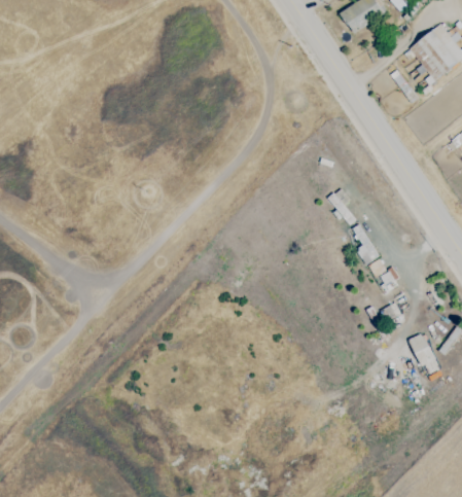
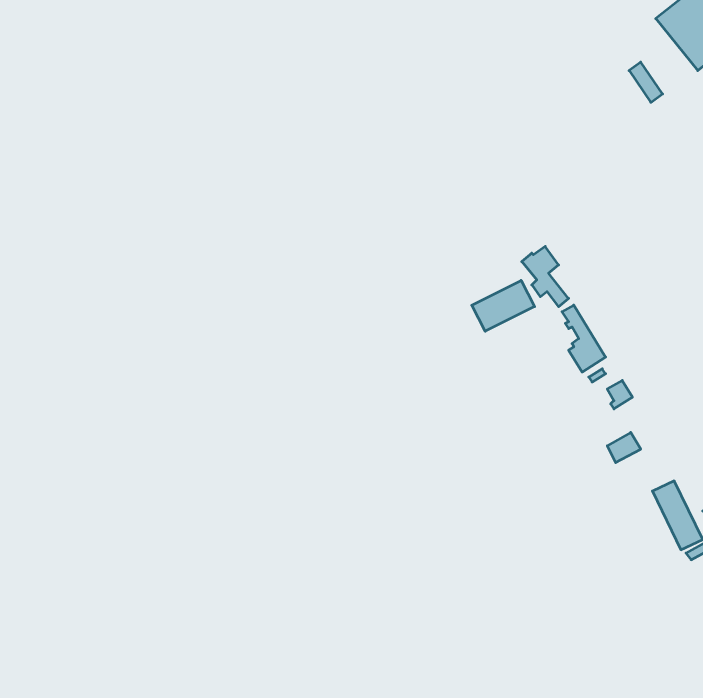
building: none -> [472,280,535,331]

